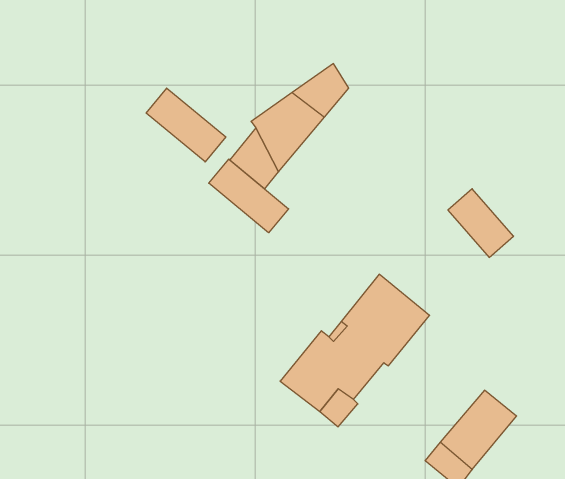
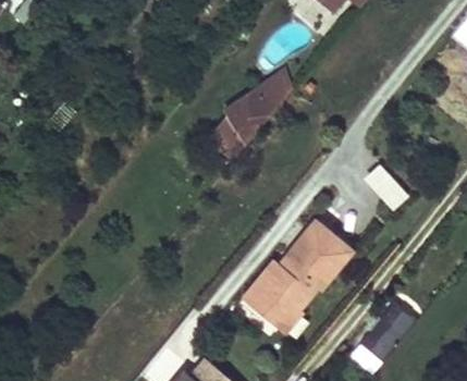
building: [146,88,226,162] -> none
building: [209,159,289,233] -> none

